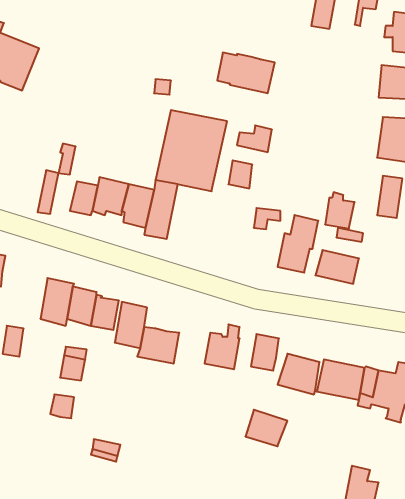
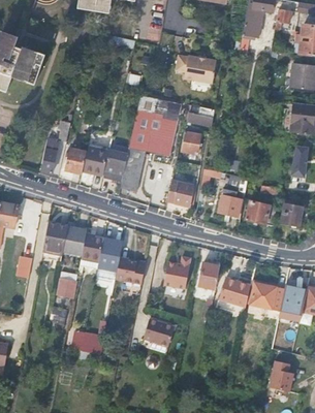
building: [325,192,355,229] -> [281,198,303,225]
building: none -> [166,181,196,209]
building: [245,410,287,446] -> [143,318,174,345]

